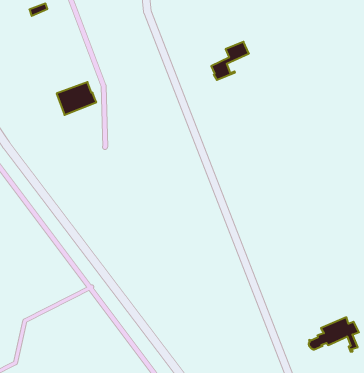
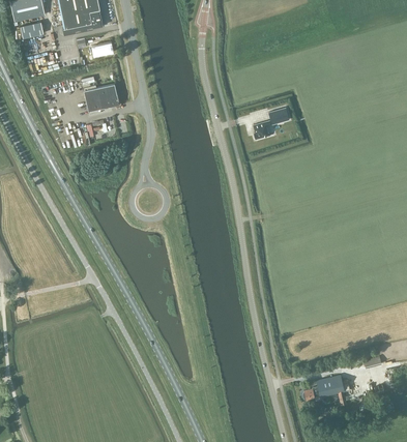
building: [57,82,96,115] -> [84,84,119,111]

